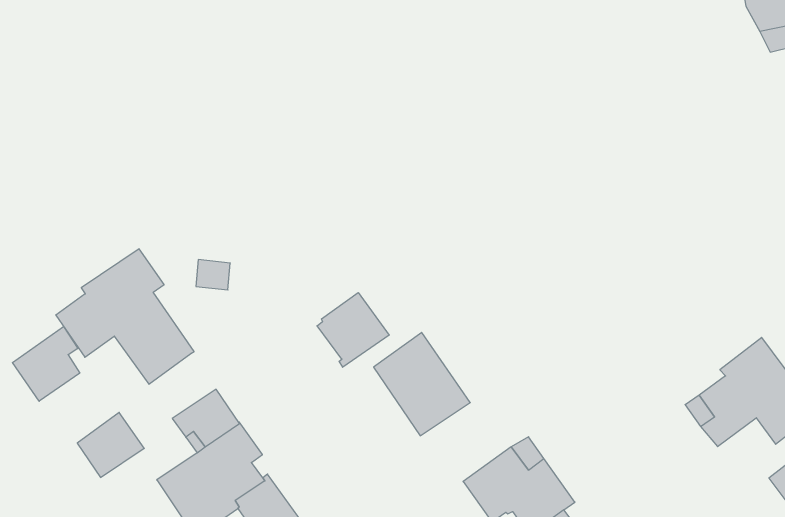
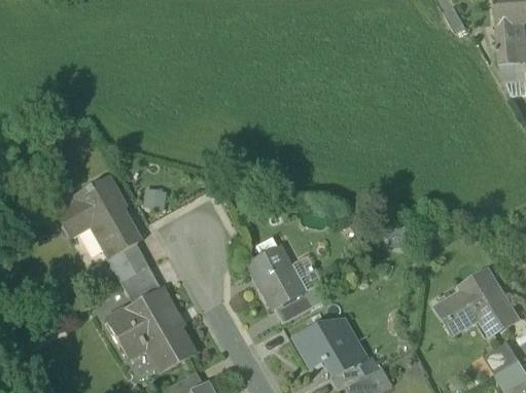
building: [317,293,389,367] -> none
building: [12,327,80,401] -> none
building: none -> [273,290,313,322]
building: [77,412,144,477] -> [108,243,149,282]

